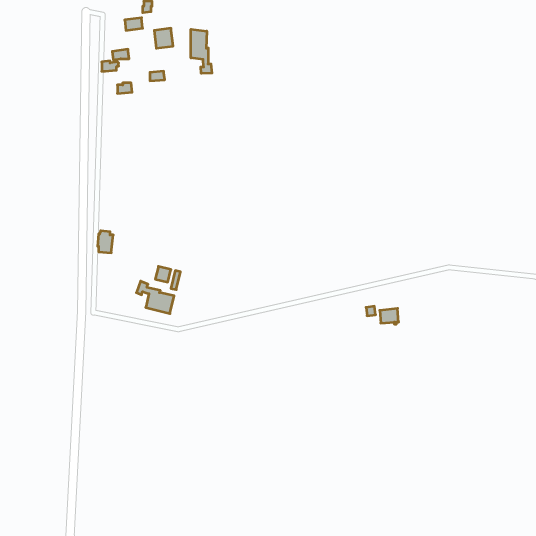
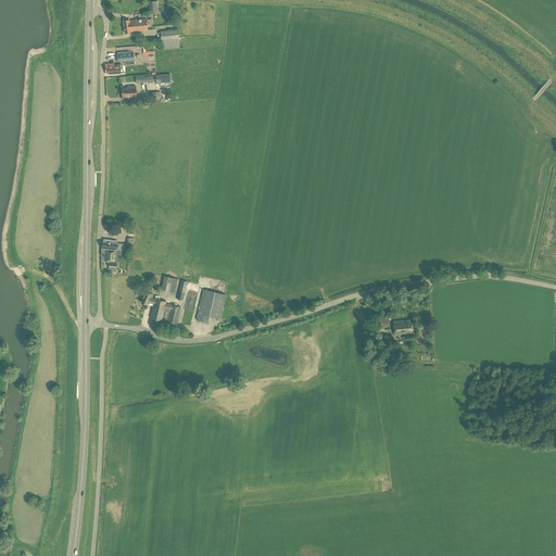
building: [191,29,212,73] -> none
building: none -> [195,289,226,323]

